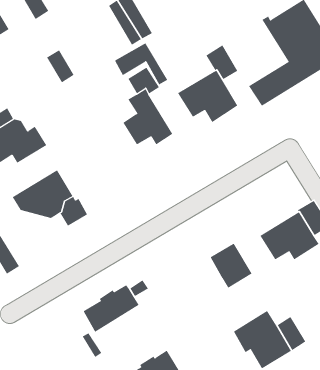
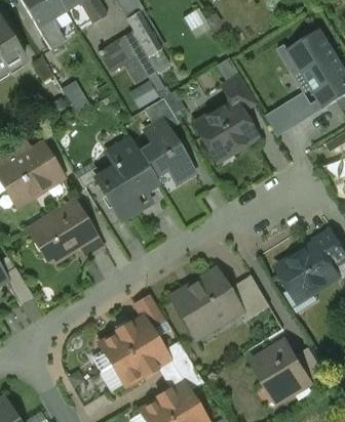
building: none -> [98,35,147,83]
building: none -> [94,138,156,218]
building: none -> [169,268,238,331]
building: none -> [110,336,168,384]

